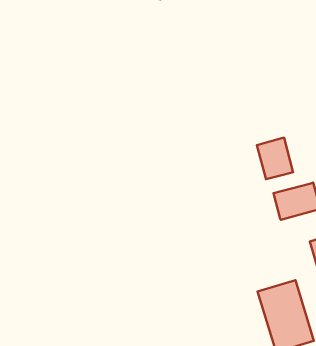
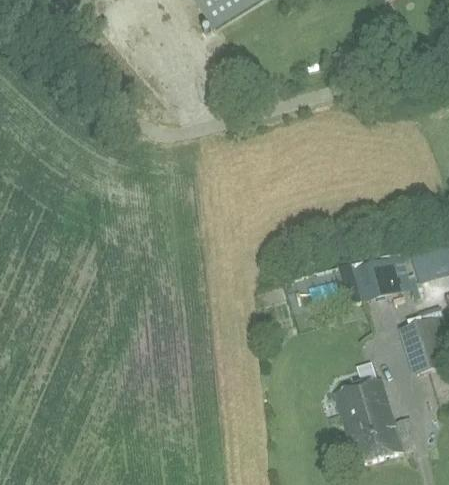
building: [257,138,293,179] -> none

